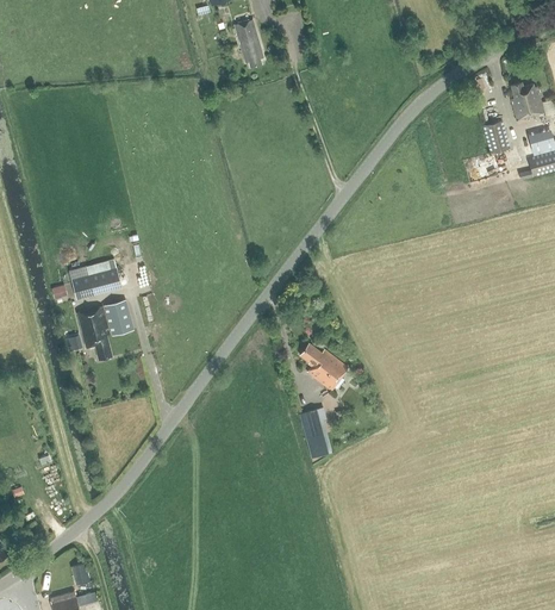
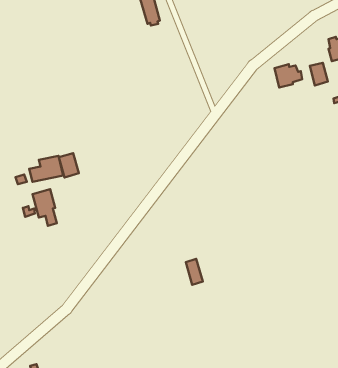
building: none -> [274,64,302,87]
building: [104,300,133,336] -> [59,153,79,177]
building: [300,343,348,390] -> none

